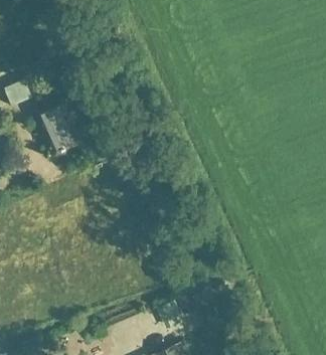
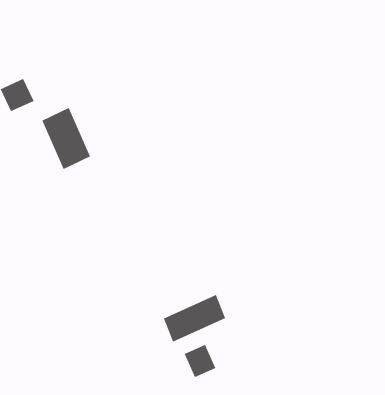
building: none -> [163,294,226,342]

